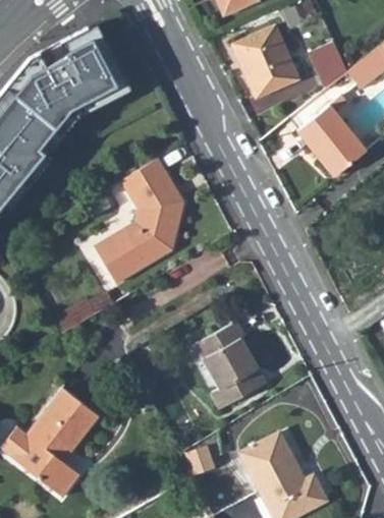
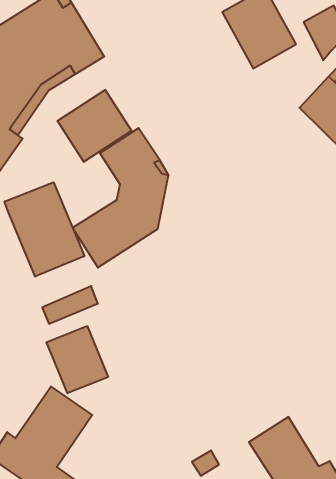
building: none -> [58,90,131,162]
building: none -> [5,182,84,277]
building: [190,316,256,404] -> none
building: none -> [46,326,108,393]

